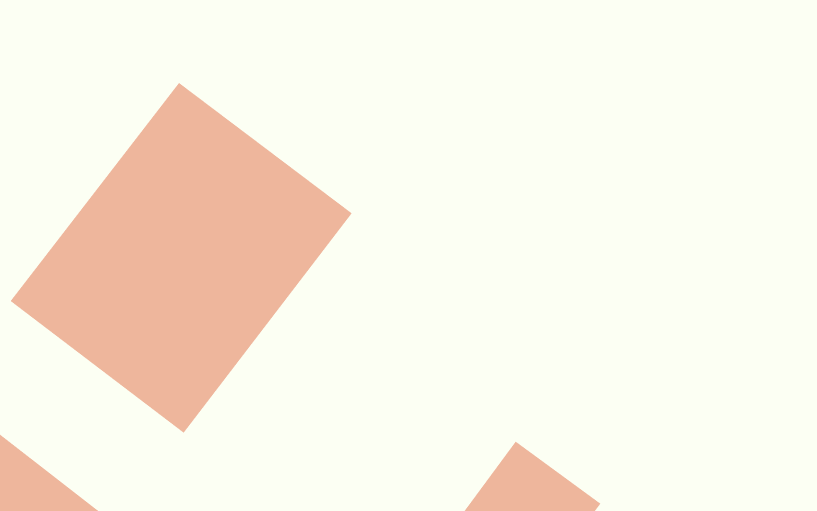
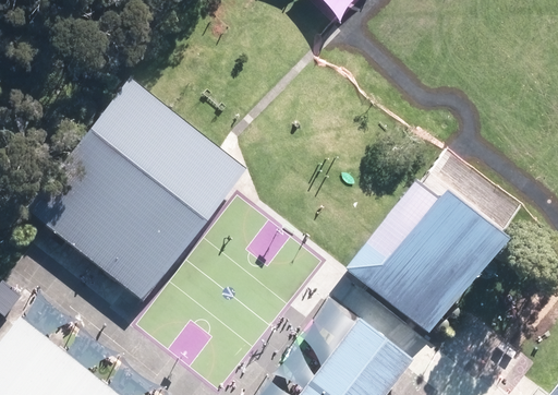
building: none -> [350,178,501,331]

